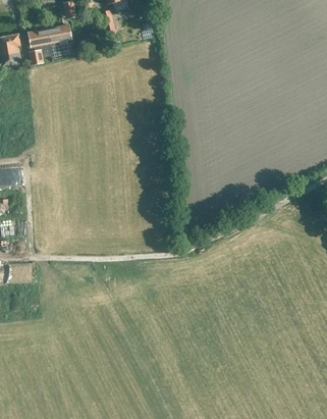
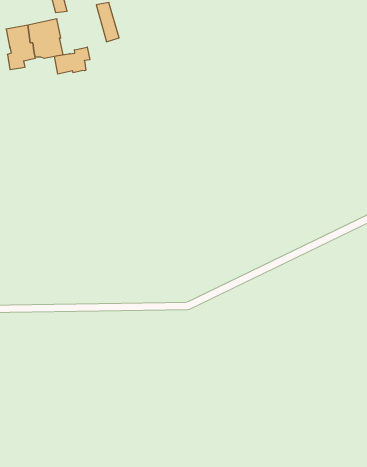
building: none -> [54,47,90,74]

